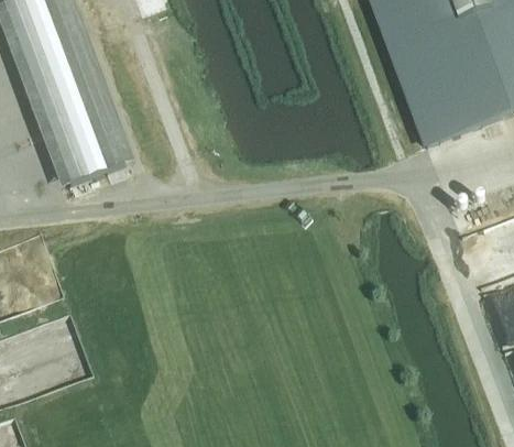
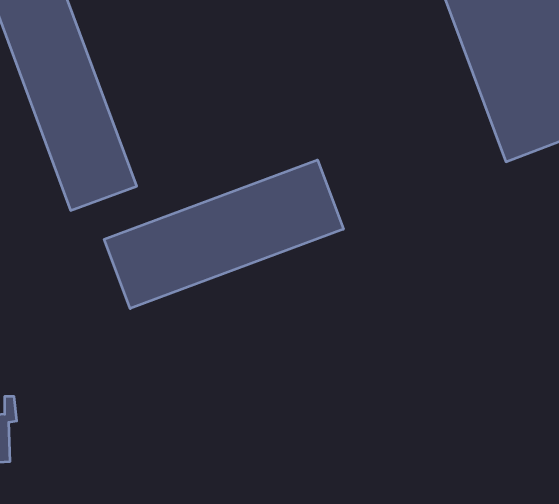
building: none -> [104,160,343,309]

